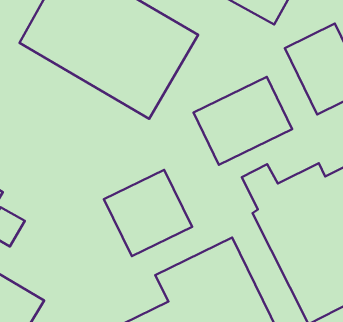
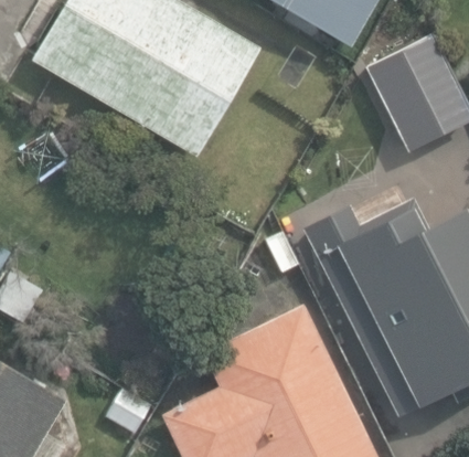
building: [193,77,292,165] -> none
building: [104,170,192,256] -> none

